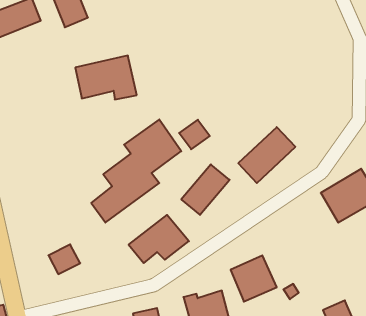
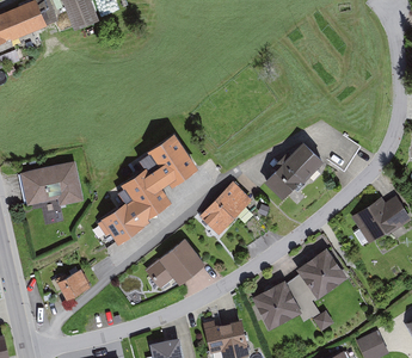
building: [75,56,137,99] -> [18,160,85,208]
building: [179,120,210,149] -> none
building: none -> [295,243,353,301]

